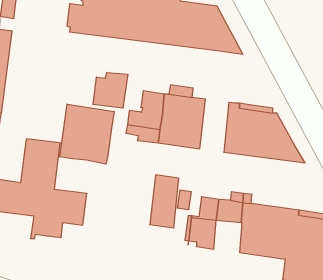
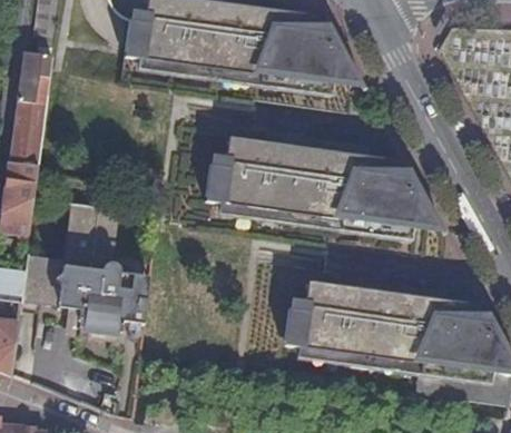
building: [93,72,128,108] -> none
building: [60,104,114,164] -> none
building: [150,175,179,228] -> [303,148,342,219]
building: none -> [322,311,360,354]

